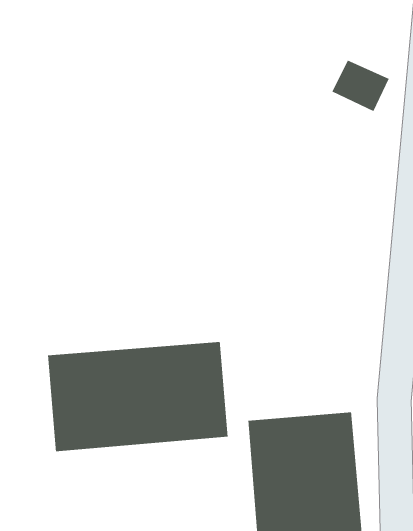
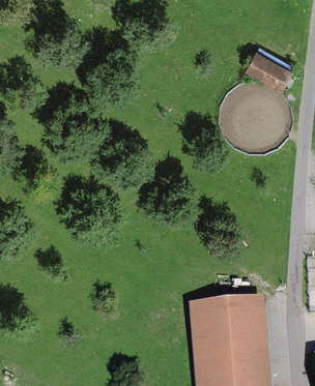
building: [47,341,228,452] -> none

